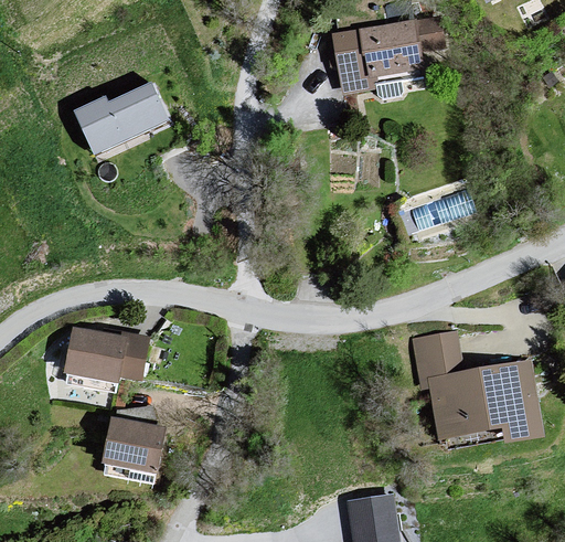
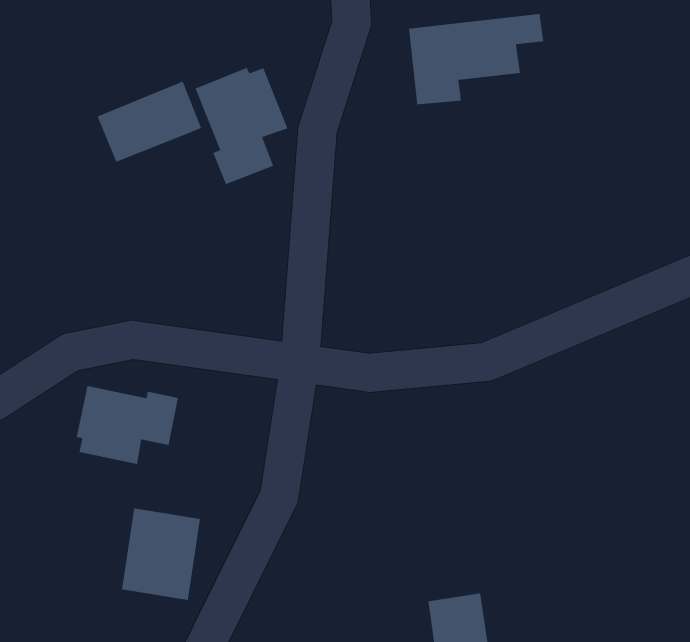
building: none -> [195,67,288,185]
building: [409,329,544,454] -> none

